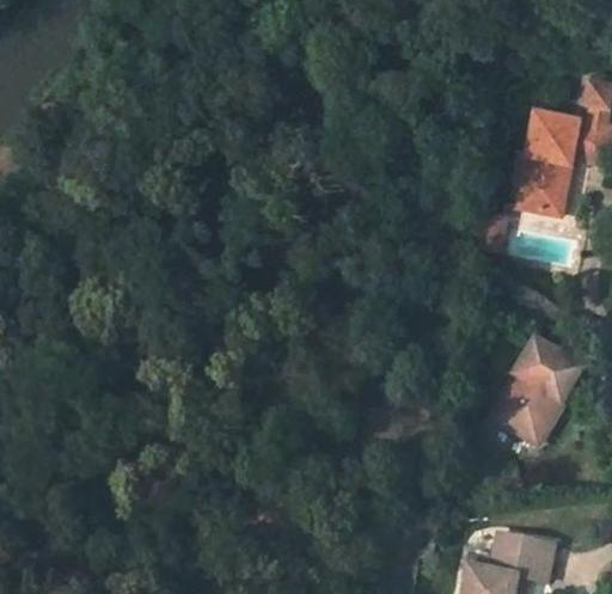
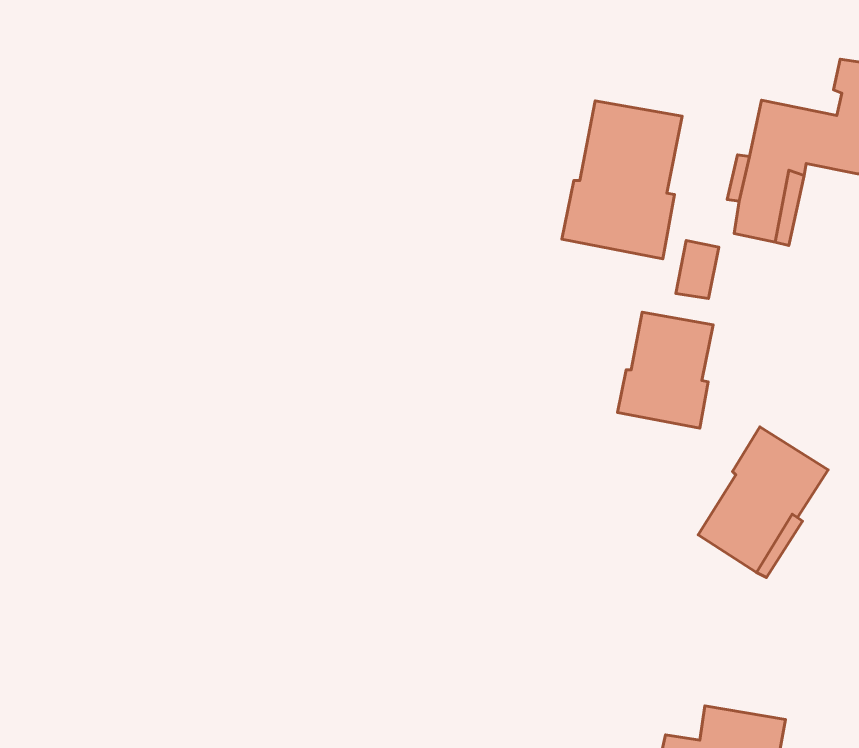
building: none -> [562,101,682,259]
building: none -> [618,312,713,428]

